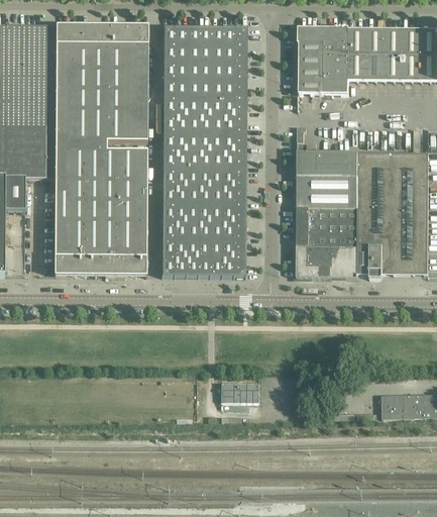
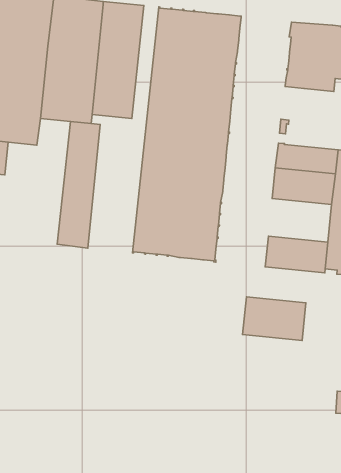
building: [54,149,86,275] -> none
building: [116,149,147,276] -> none
building: [297,207,357,245] -> [243,297,306,340]
building: [221,383,258,401] -> none

